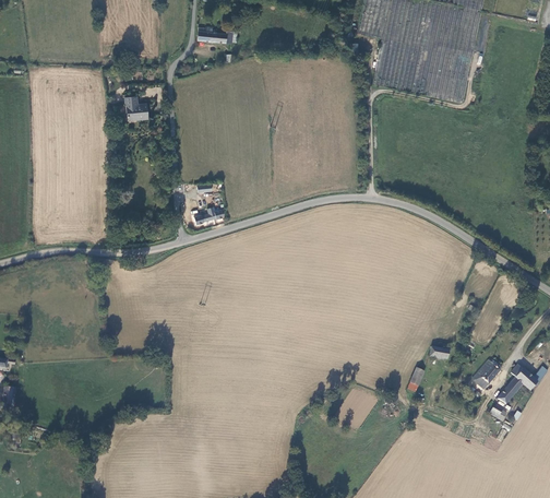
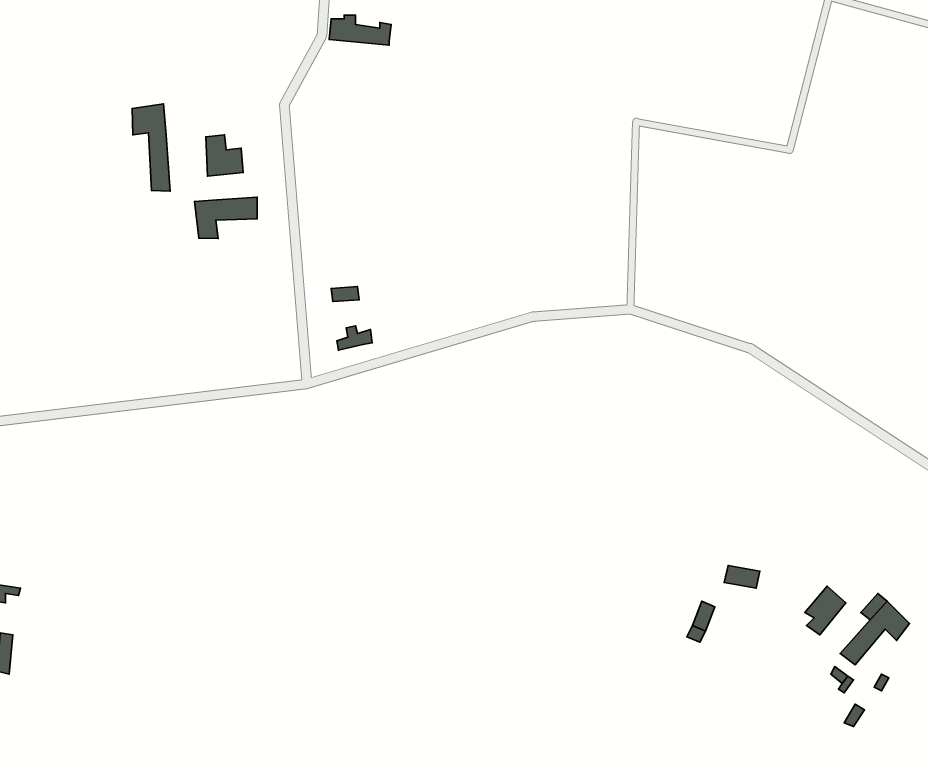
building: none -> [132,104,170,191]
building: none -> [195,197,257,238]

